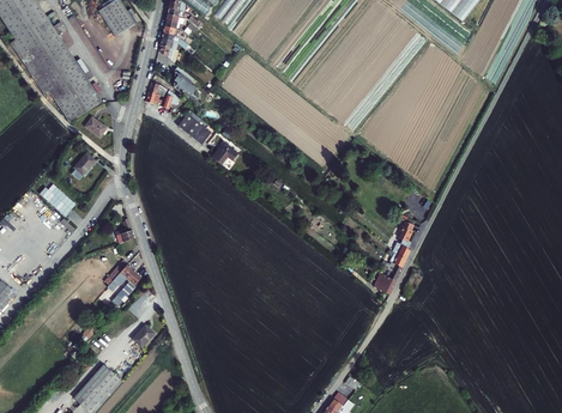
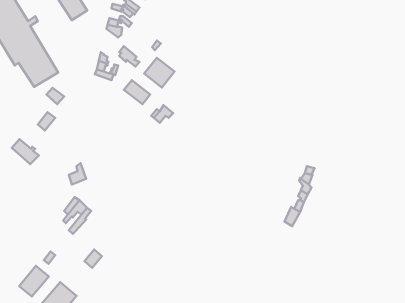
building: none -> [144,58,174,87]
building: none -> [19,266,49,297]

